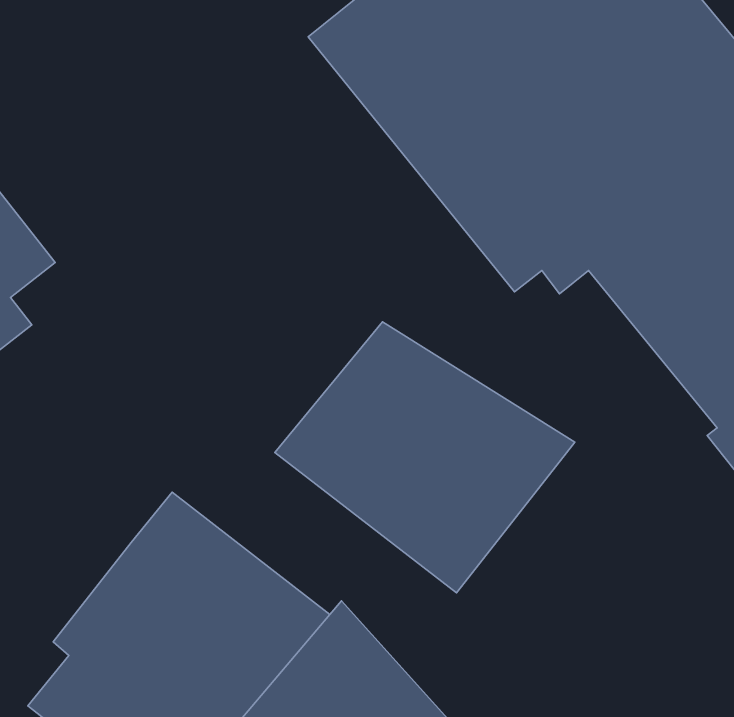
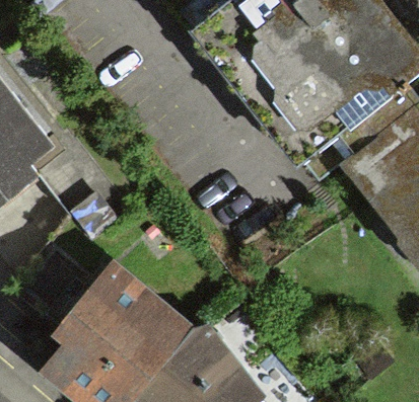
building: [275,322,575,593] -> none

